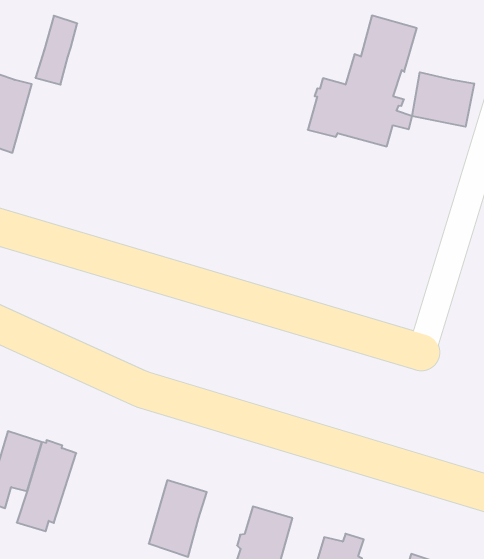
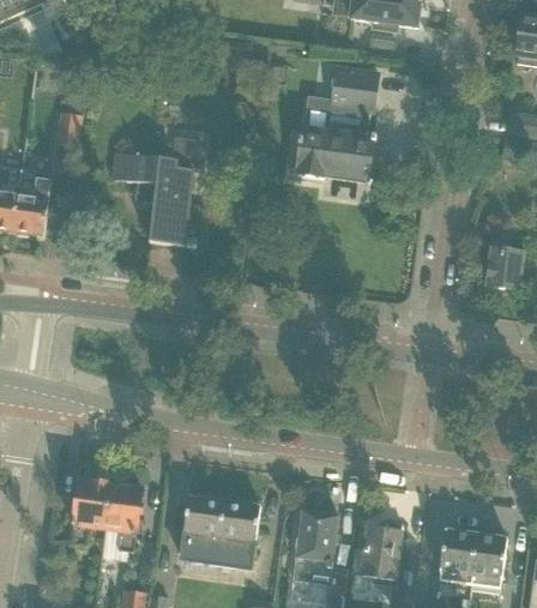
building: none -> [110,136,204,246]
building: [412,72,474,127] -> none
building: none -> [180,494,223,556]

